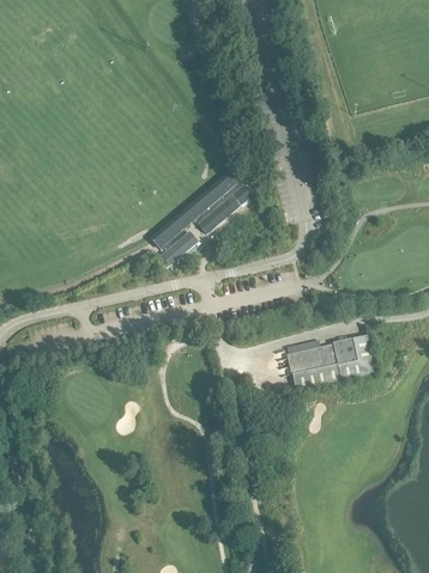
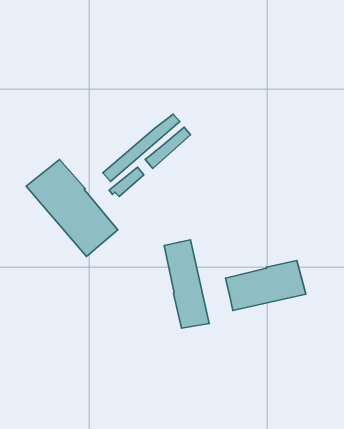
building: none -> [26,159,118,256]
building: none -> [164,240,209,328]

